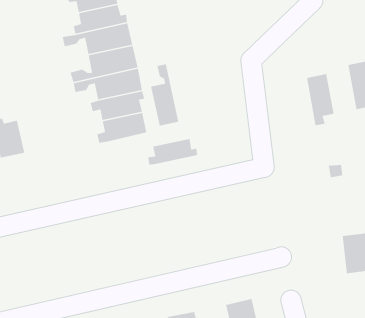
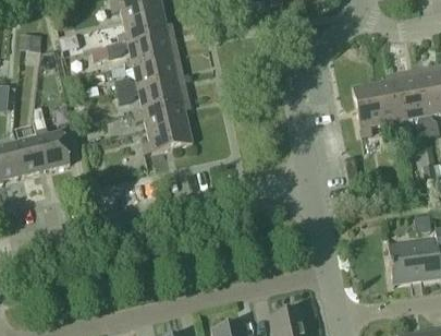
building: [150,63,179,126] -> none
building: none -> [373,73,404,129]
building: [147,138,198,165] -> none

